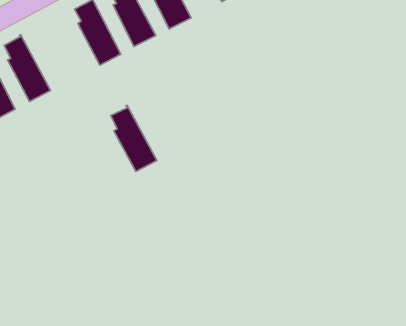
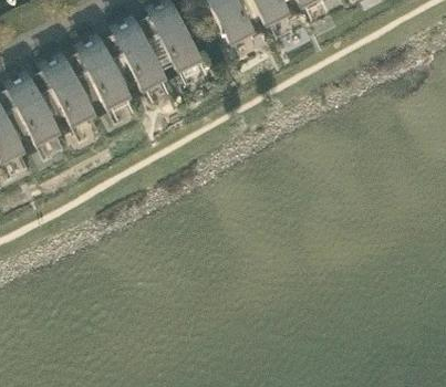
building: [111,106,157,172] -> [46,56,93,123]

